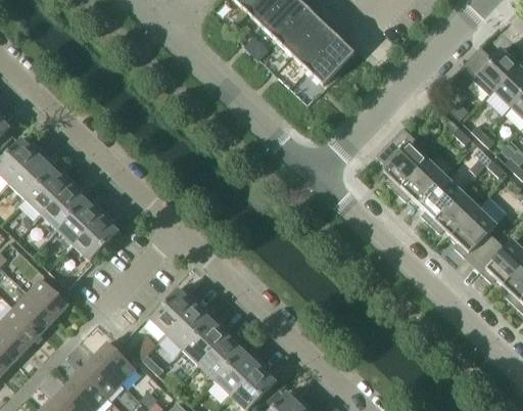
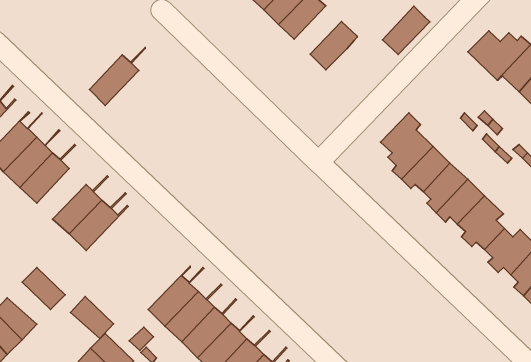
building: [291,24,337,71] -> [382,6,430,55]
building: [41,175,95,231] -> [89,48,145,105]
building: [12,292,54,333] -> [71,297,114,339]

